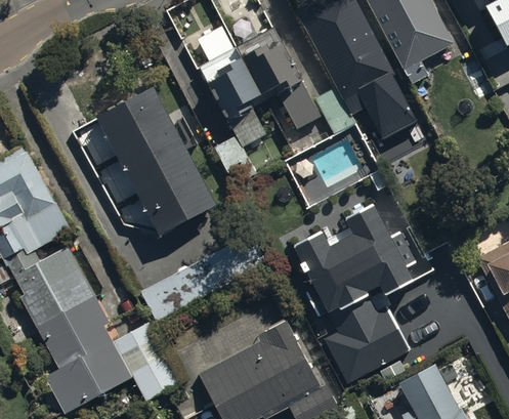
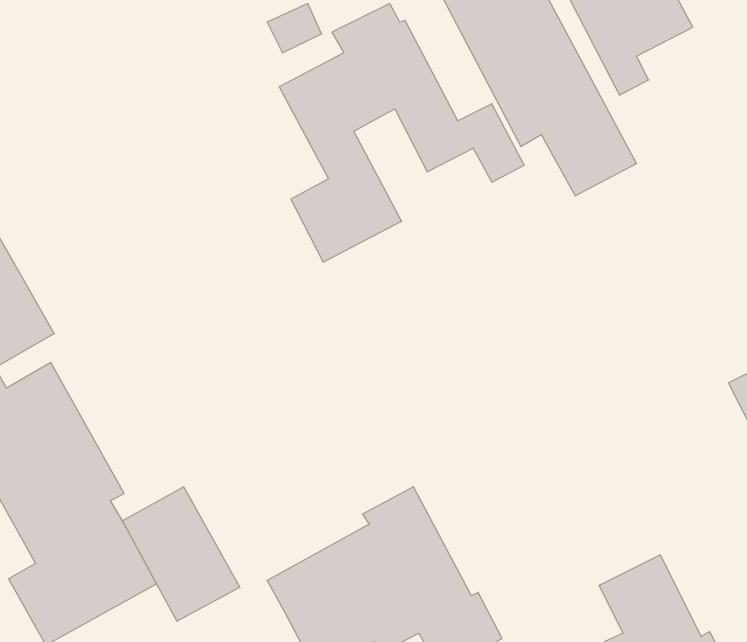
building: [96,92,218,243] -> none
building: [293,207,417,389] -> none

